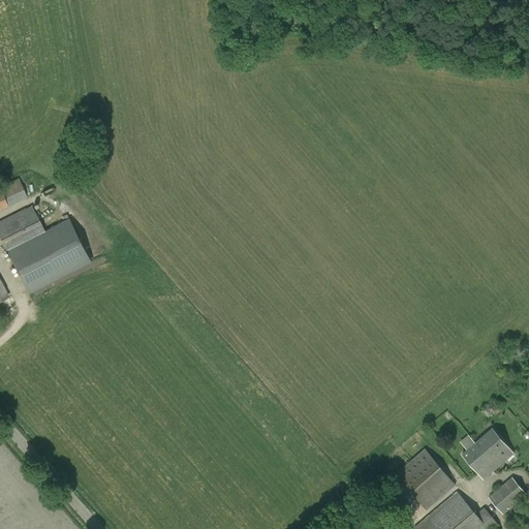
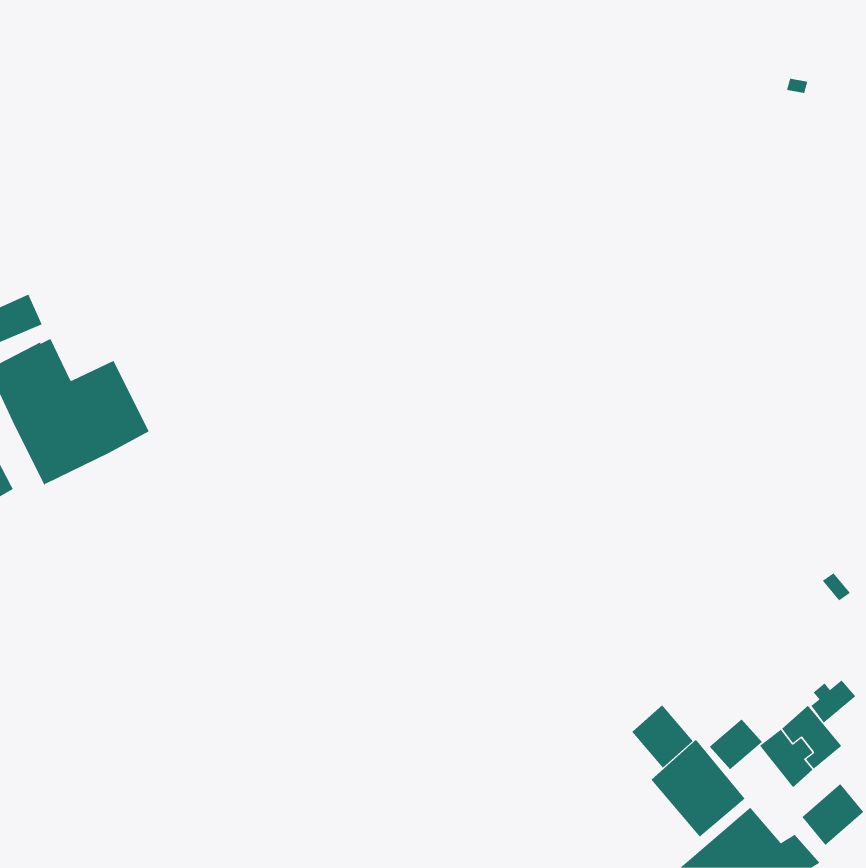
building: none -> [811,679,856,723]
building: none -> [632,705,693,769]
building: none -> [709,719,763,770]

